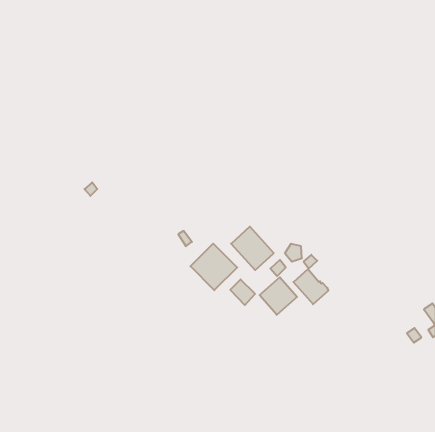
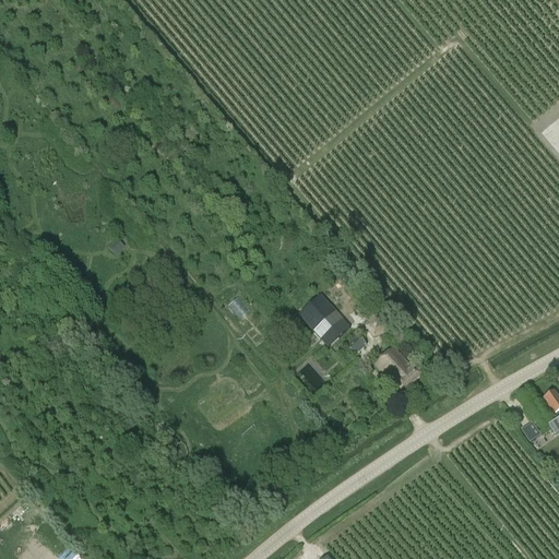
building: [190,244,237,290] -> none
building: [260,277,297,315] -> none

